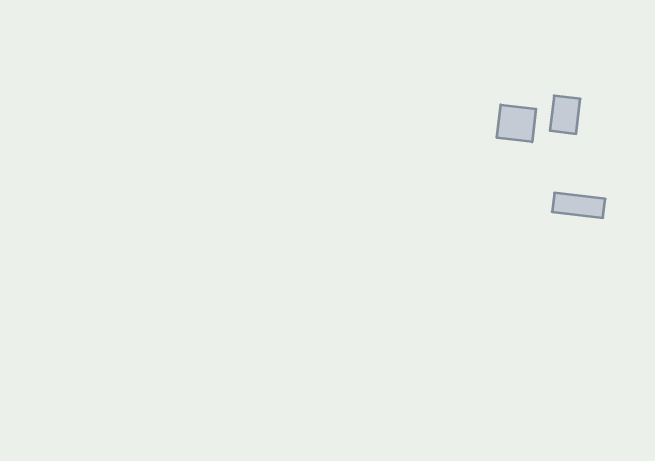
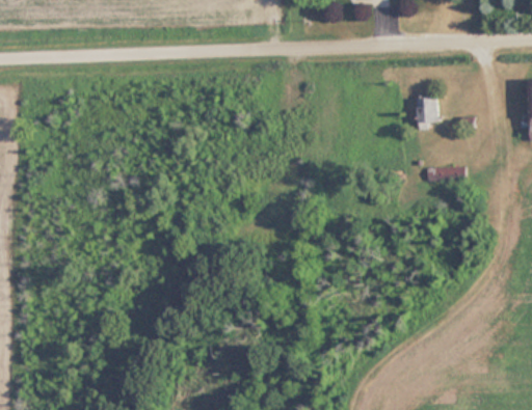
building: [497,105,536,142] -> none

